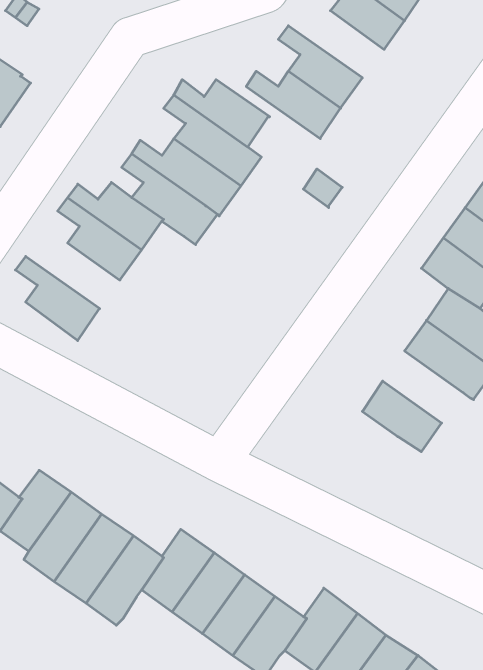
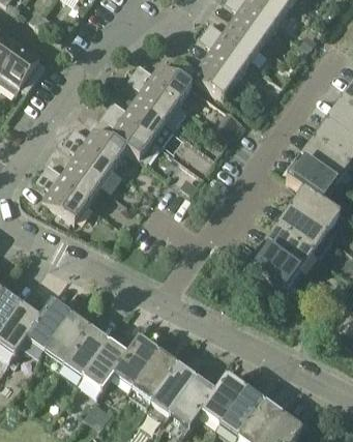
building: none -> [205,19,264,60]
building: none -> [43,161,101,202]
building: none -> [263,228,313,272]

